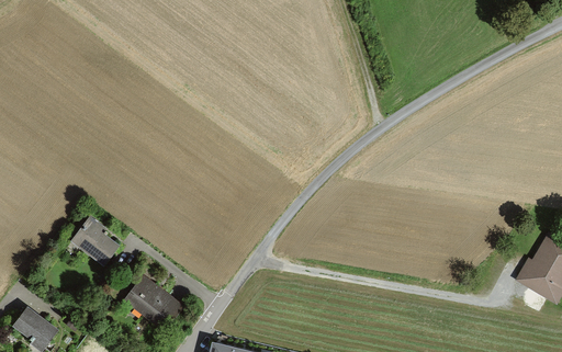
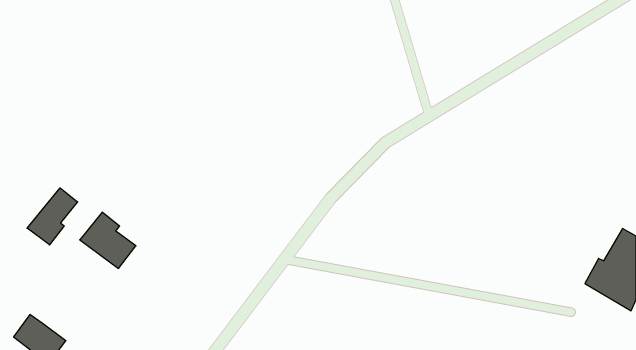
building: none -> [27,188,78,245]
building: [123,274,182,330] -> none

